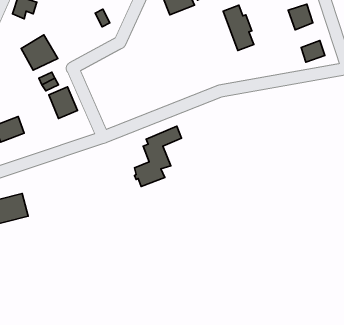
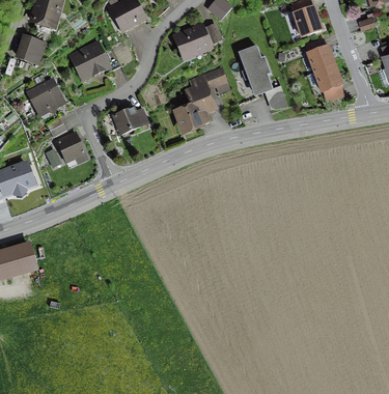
building: none -> [71,45,106,73]
building: none -> [314,64,340,90]
building: none -> [112,106,139,133]
building: [134,126,182,186] -> [175,67,225,131]

